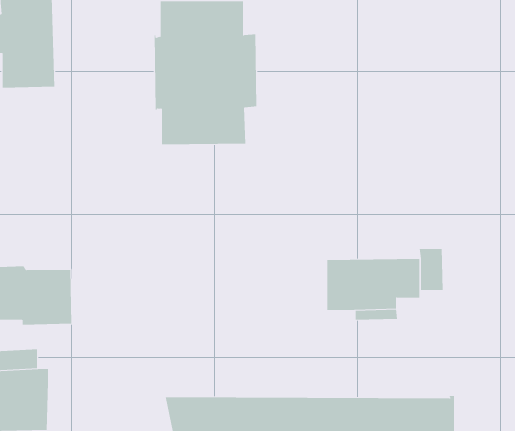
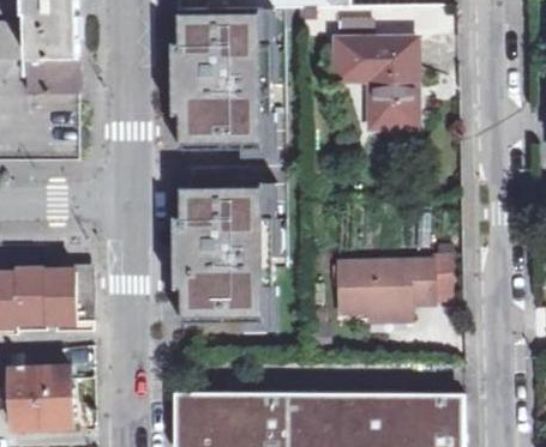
building: none -> [330,37,410,121]
building: none -> [173,182,274,322]

